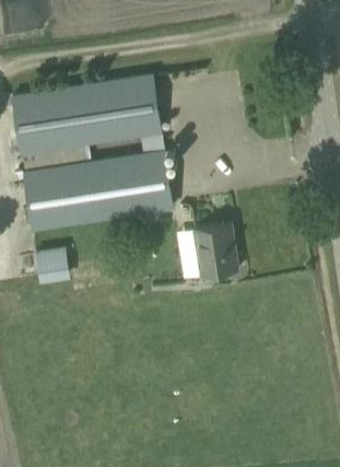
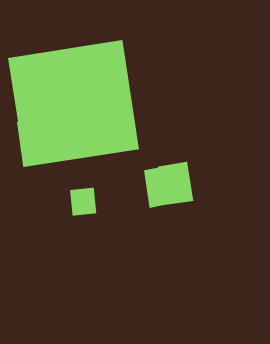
building: [35,248,69,283] -> [69,187,97,216]

